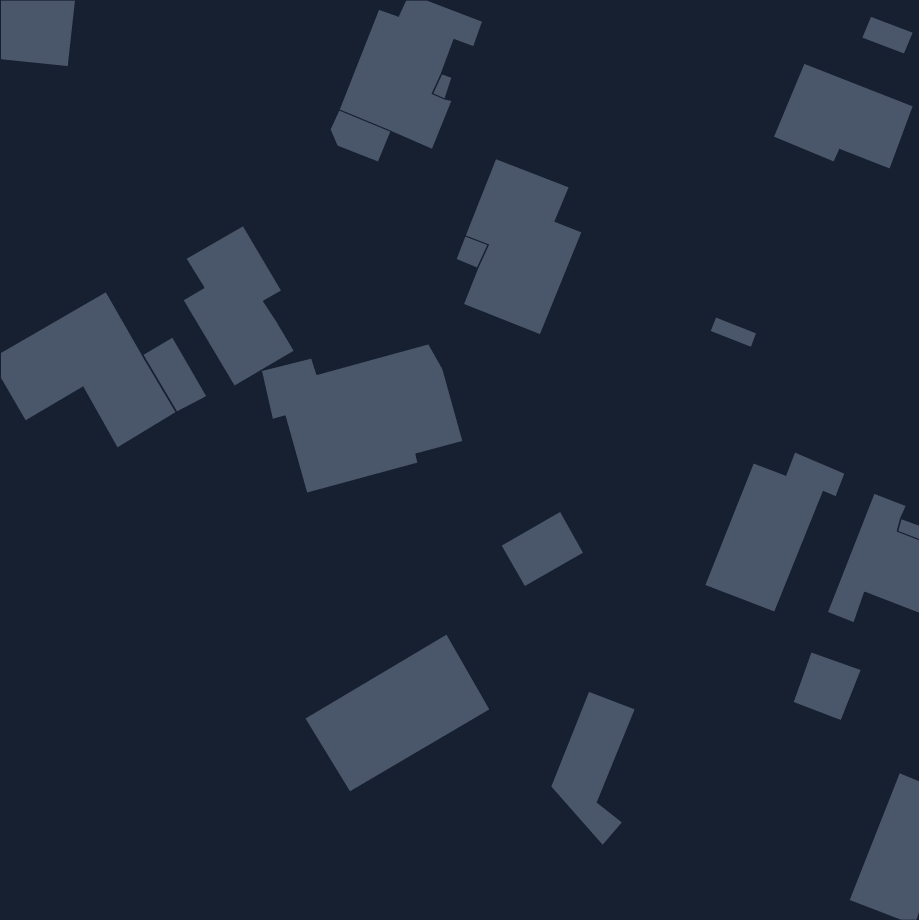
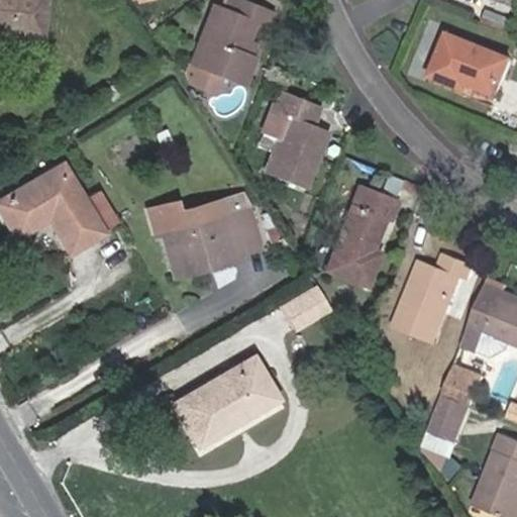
building: [183,225,295,387] -> none
building: none -> [324,184,398,287]
building: [551,691,635,846] -> [424,394,472,481]

